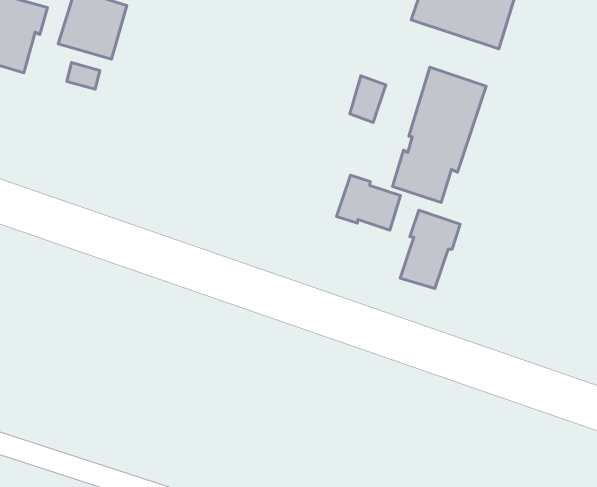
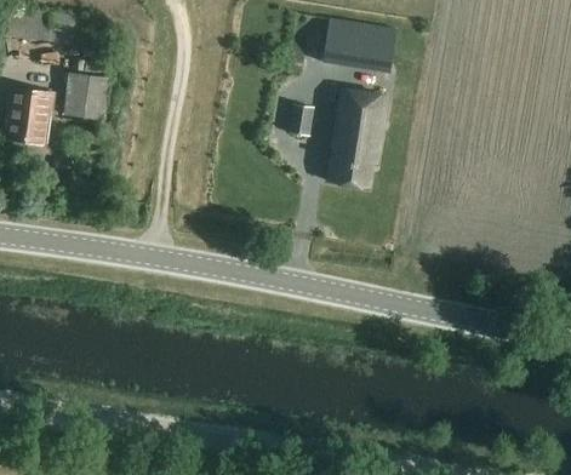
building: [337,175,400,230] -> none
building: [400,210,460,289] -> none

